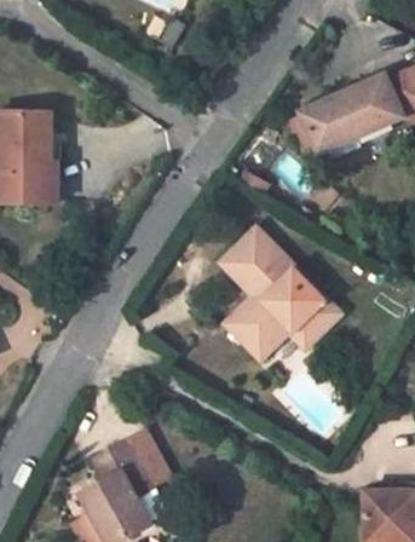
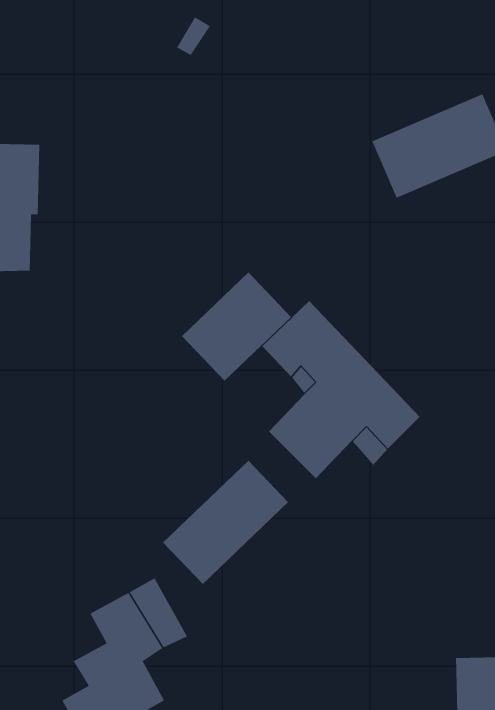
building: none -> [181,272,292,381]
building: none -> [162,460,289,585]

